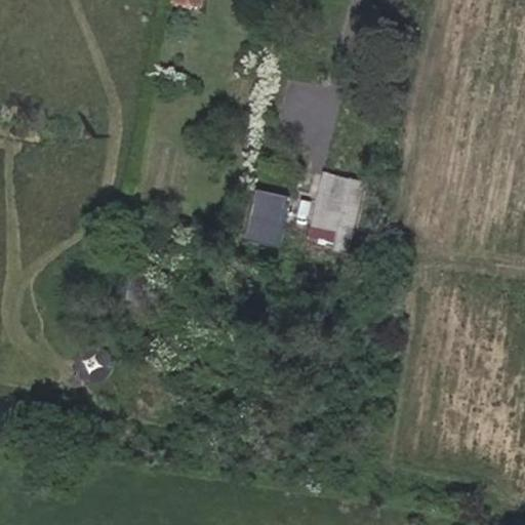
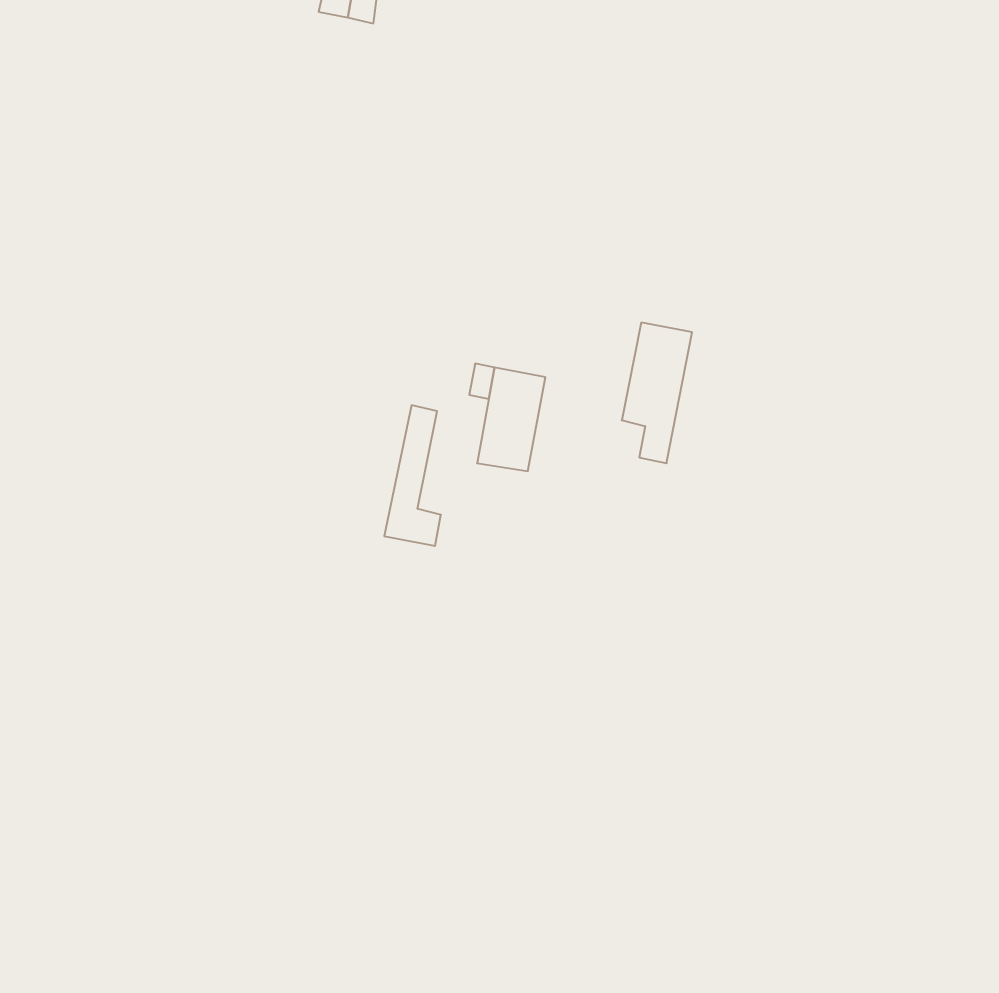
building: [309,166,338,240] -> [384,405,441,546]

